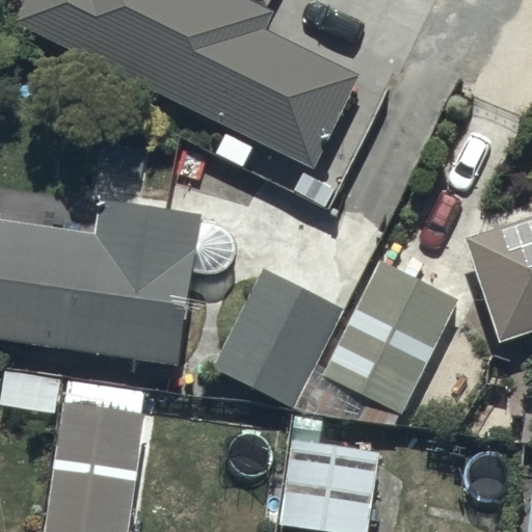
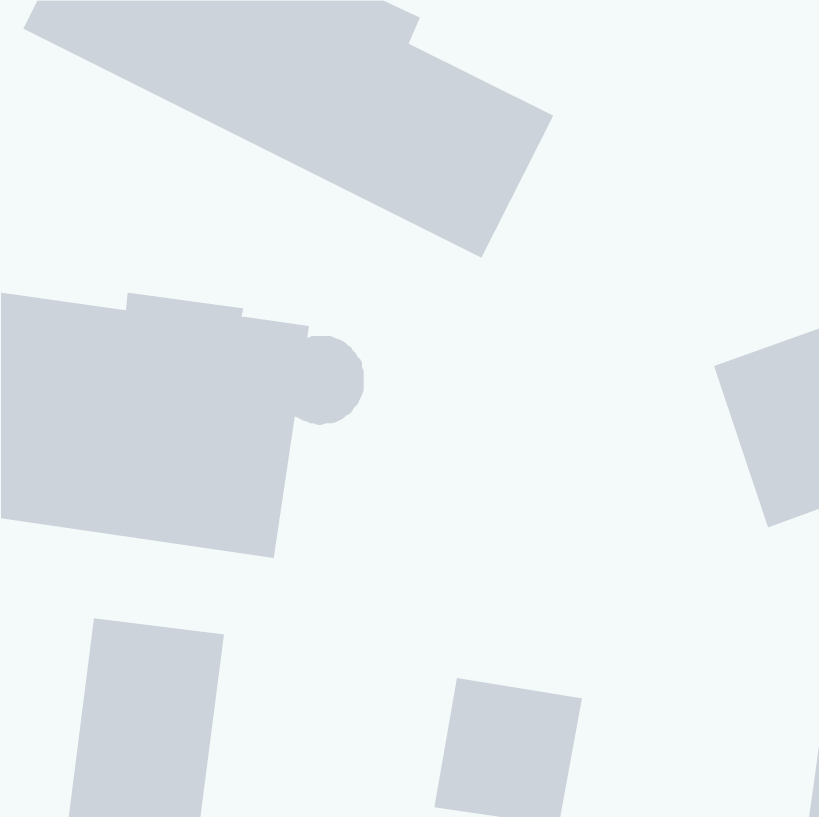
building: [319,261,456,416] -> none
building: [211,266,343,408] -> none

